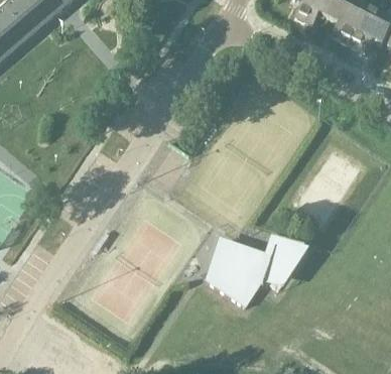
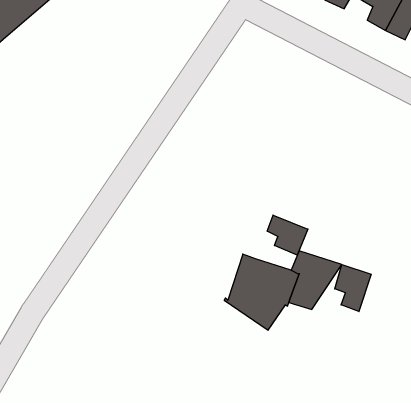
building: none -> [267,215,308,255]
building: none -> [335,265,371,312]

